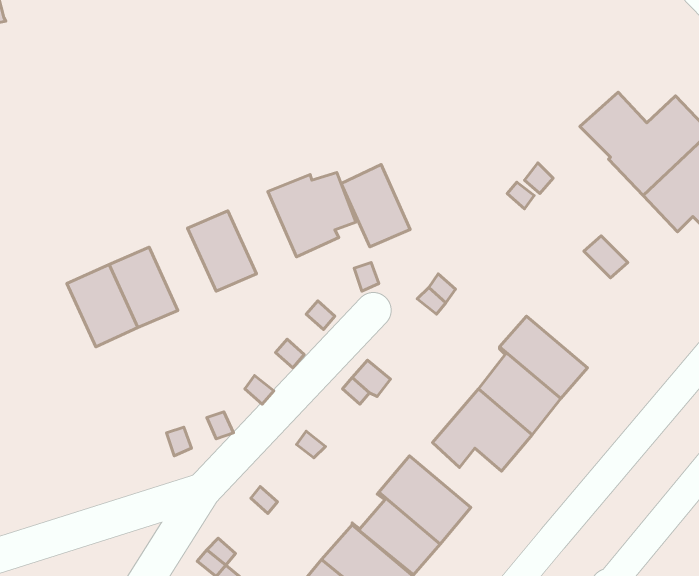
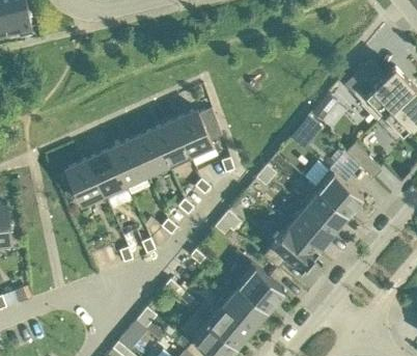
building: [341,164,410,247] -> [152,121,190,166]
building: none -> [110,141,146,186]
building: none -> [314,171,363,217]

